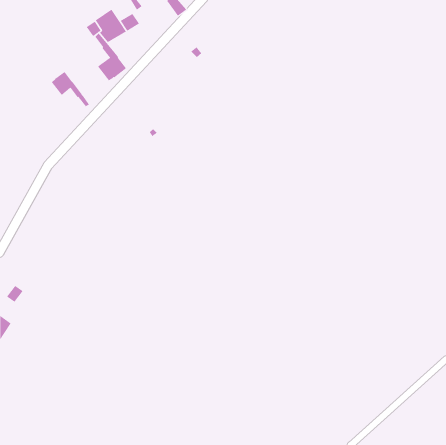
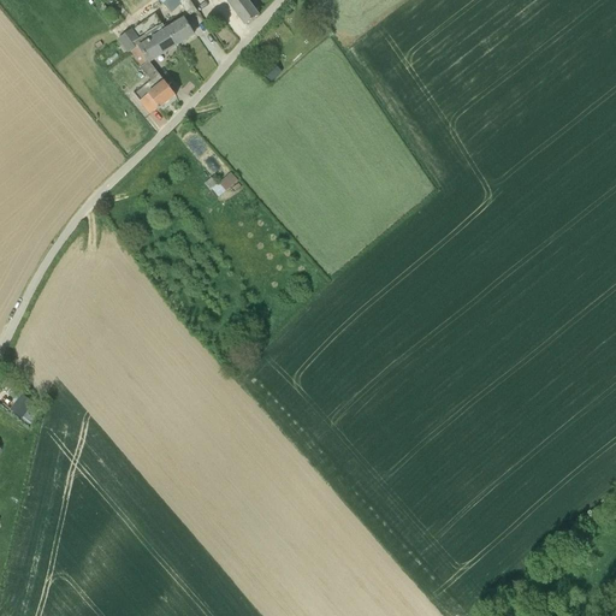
building: [51,71,90,107] -> none

